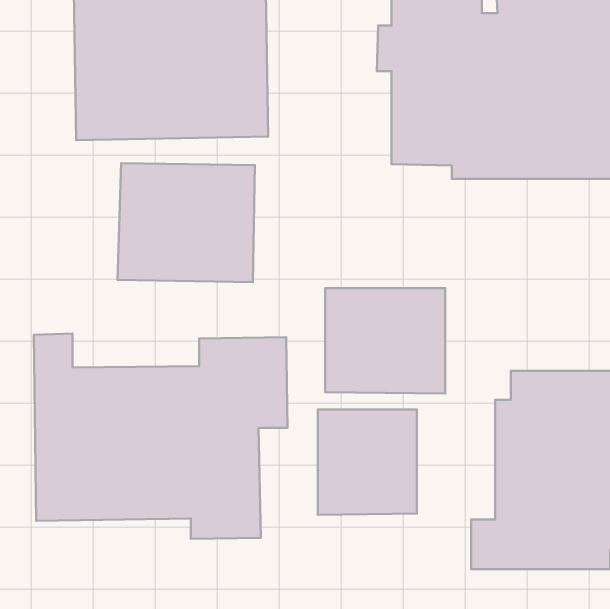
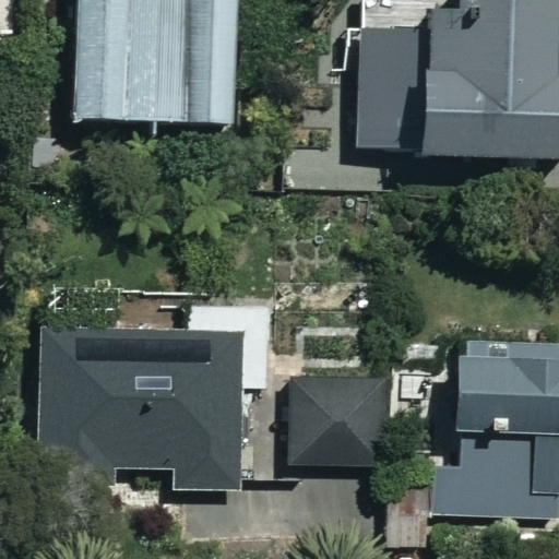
building: [118,163,255,282] -> none
building: [325,288,445,394] -> none

